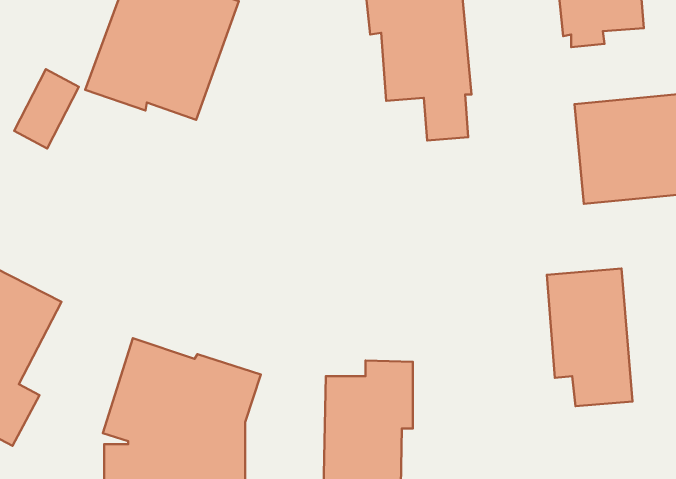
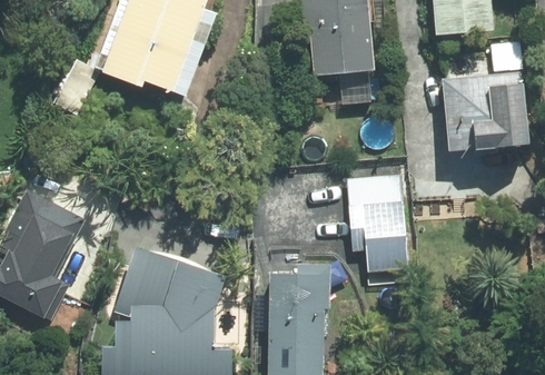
building: [547,269,632,406] -> [346,176,406,273]

